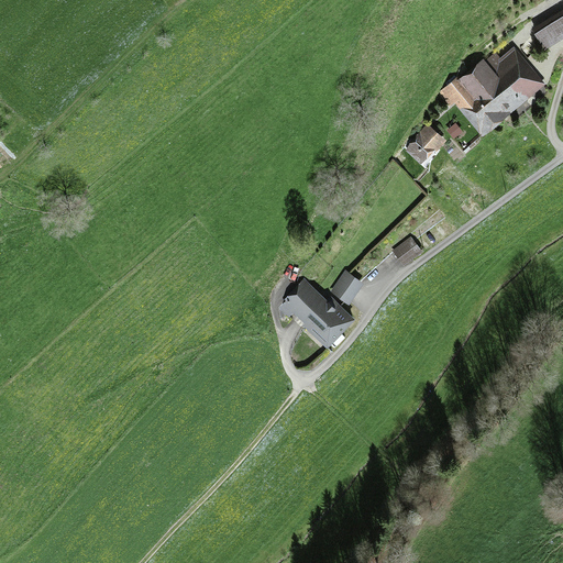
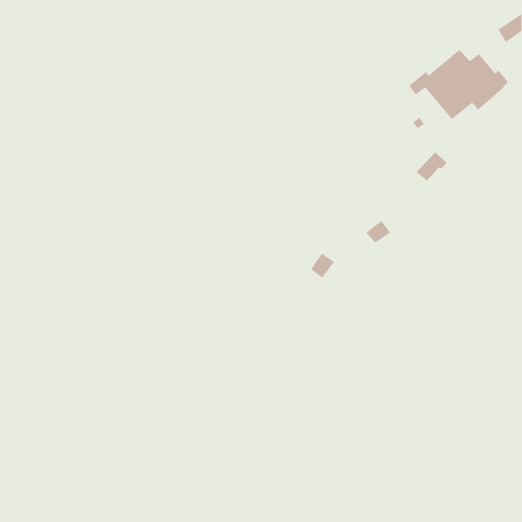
building: [406,128,440,159] -> [416,152,447,181]
building: [286,282,352,341] -> none

